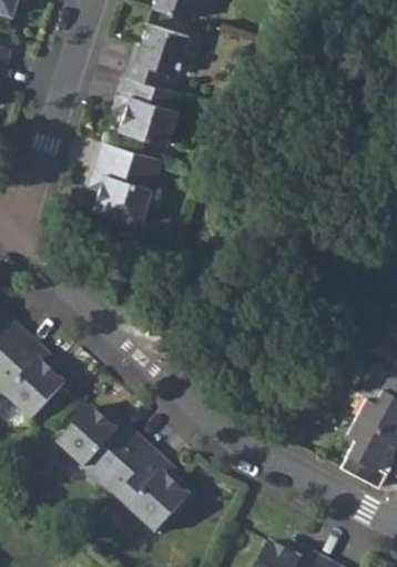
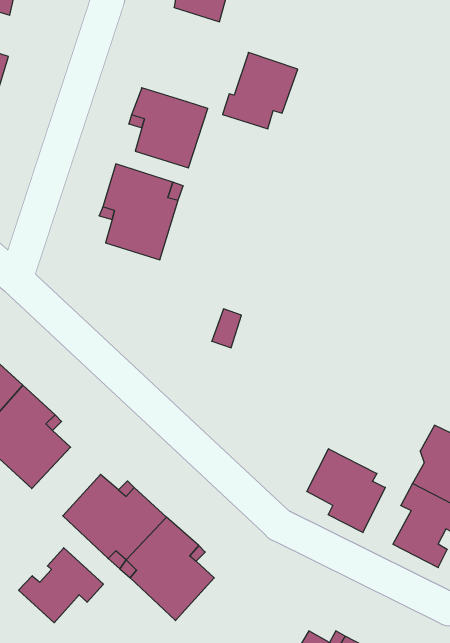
building: [125,23,190,89] -> [223,52,298,129]
building: none -> [307,449,385,533]
building: none -> [19,548,103,623]

